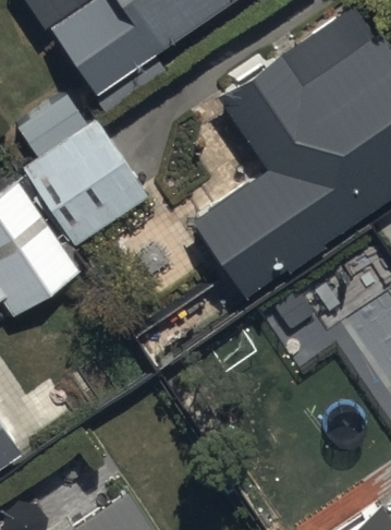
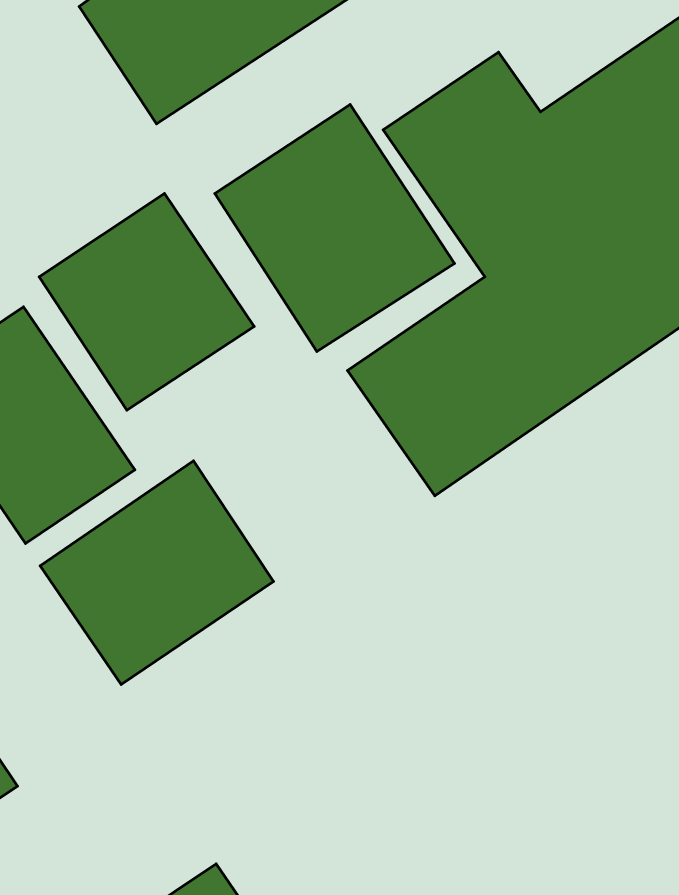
building: none -> [215,105,455,351]
building: none -> [40,461,273,685]

